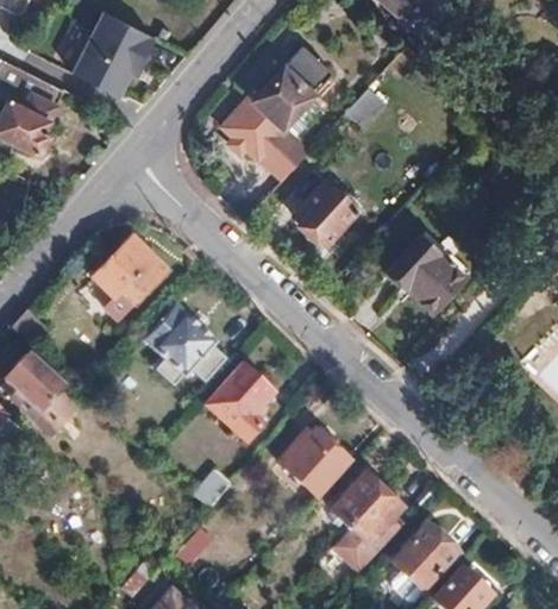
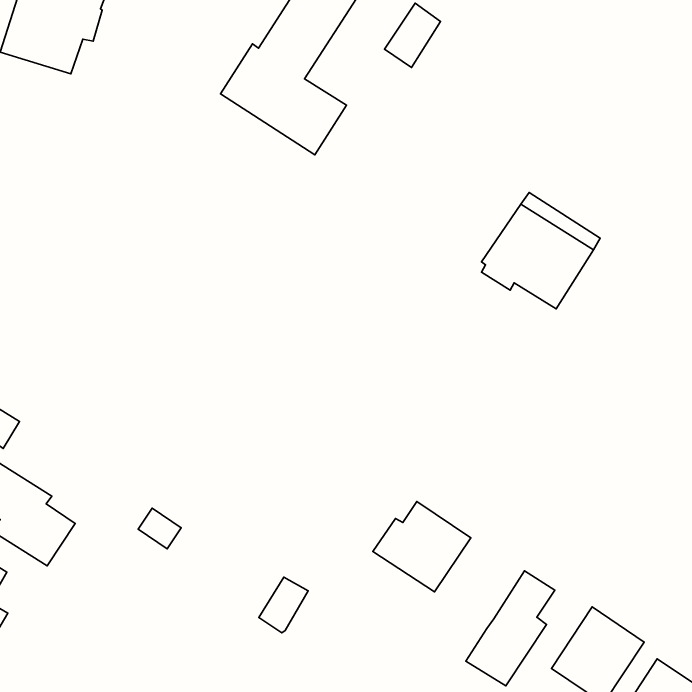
building: [293,183,355,246] -> none
building: [93,240,163,319] -> none
building: [145,304,226,384] -> none
building: [208,365,271,438] -> none
building: [331,475,381,526] -> none

